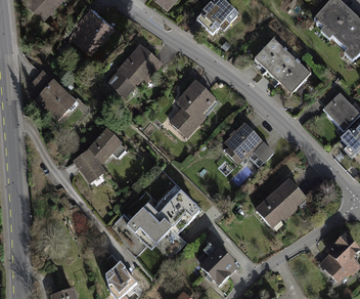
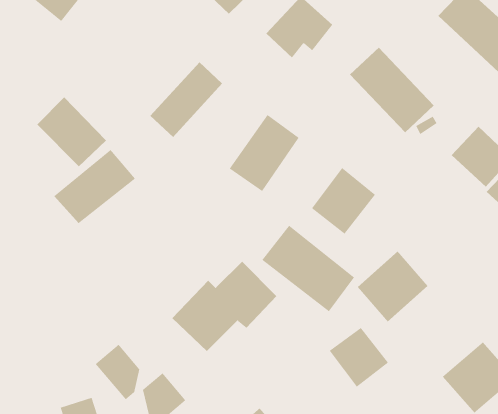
building: [71,7,117,53] -> none
building: [69,128,126,180] -> [54,149,136,224]
building: none -> [261,225,355,312]
building: [193,239,235,281] -> [329,327,389,387]
building: none -> [95,344,140,400]

